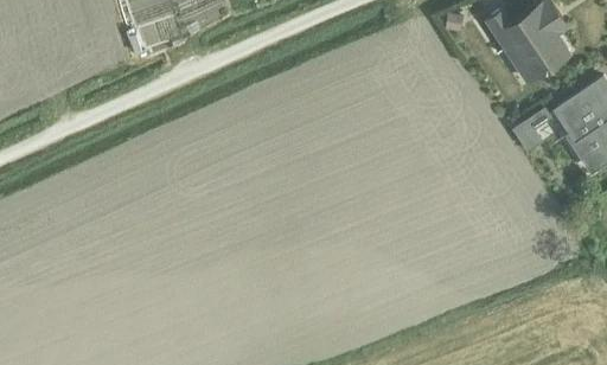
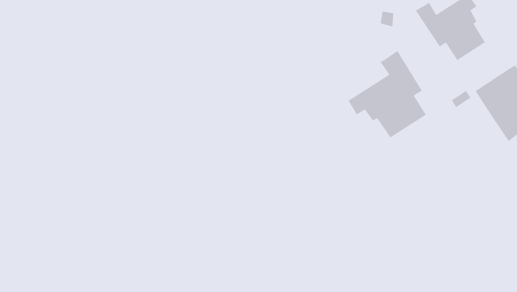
building: none -> [348,50,435,138]

